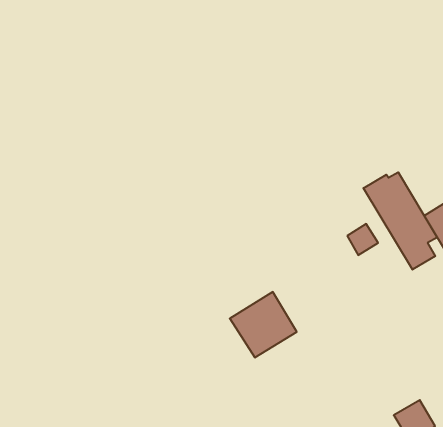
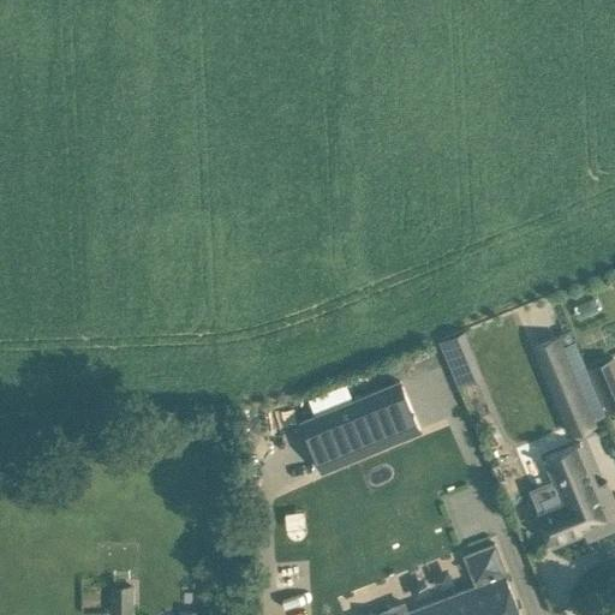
building: [363,172,437,270] -> none
building: none -> [352,384,419,452]

